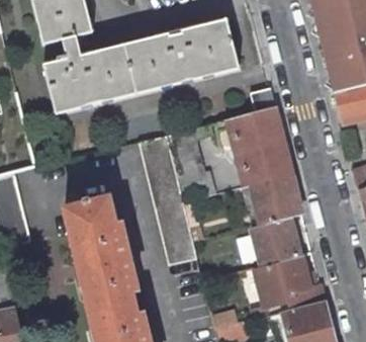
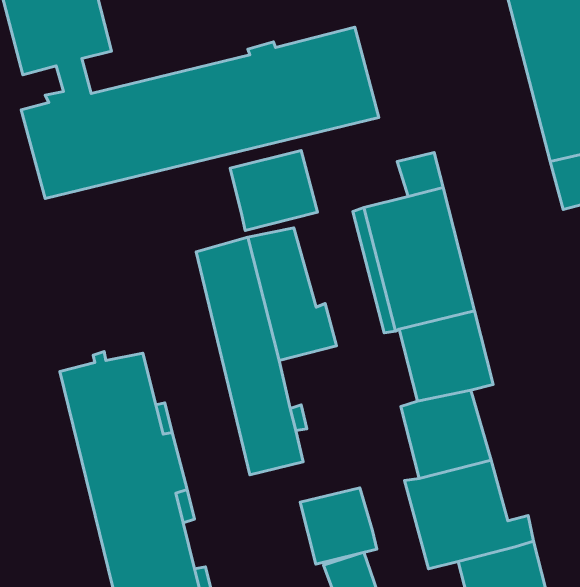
building: none -> [230,151,318,230]
building: none -> [300,488,377,564]

